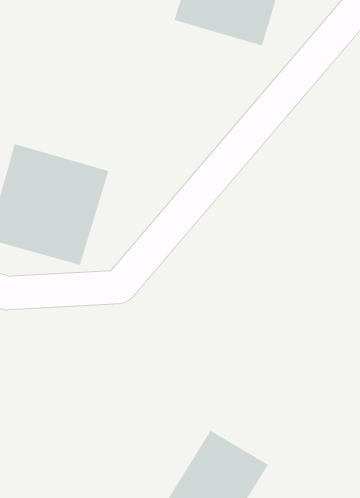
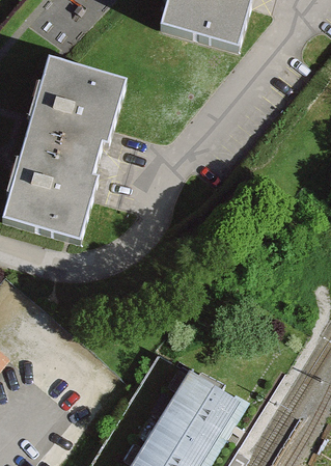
building: none -> [25,66,123,159]

